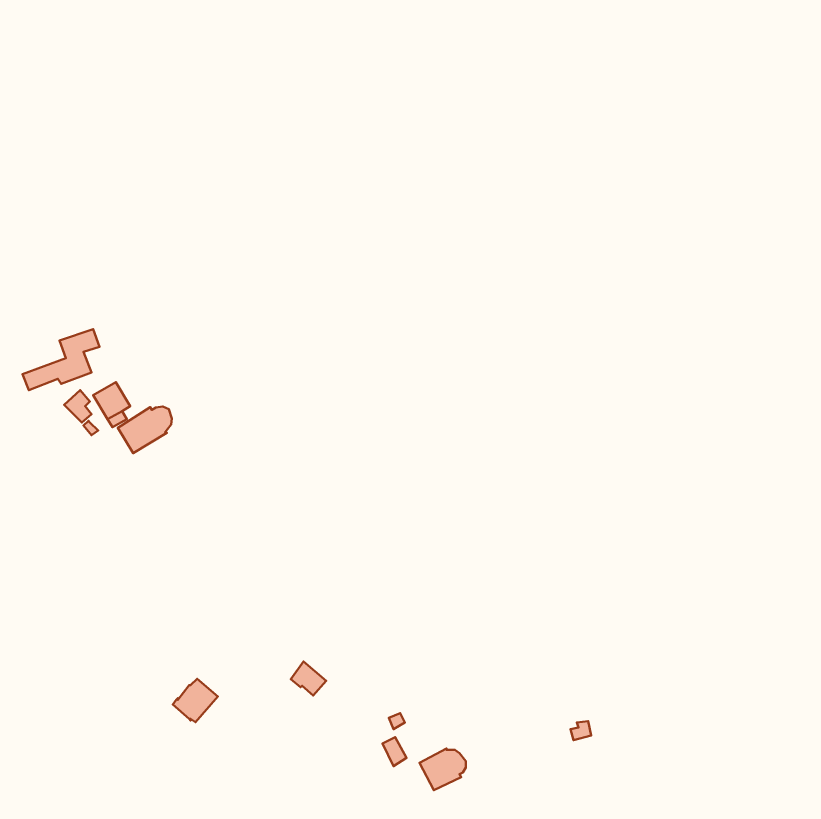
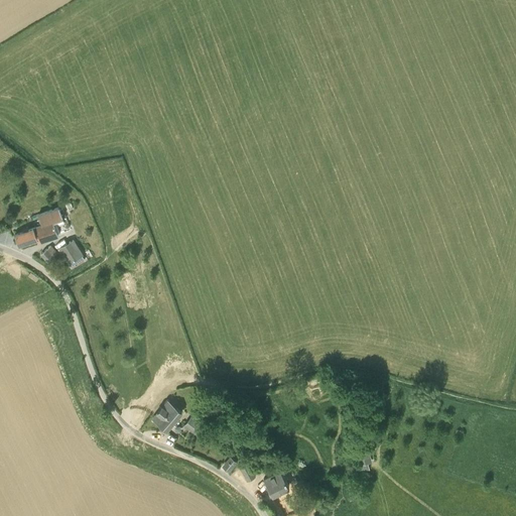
building: [118,406,172,453] -> none
building: [173,679,218,722] -> [152,403,180,430]

